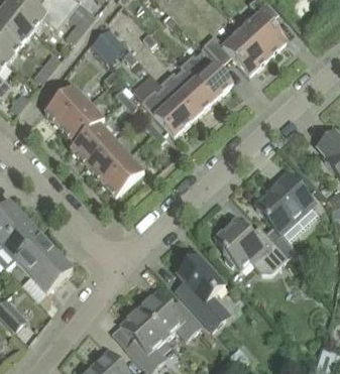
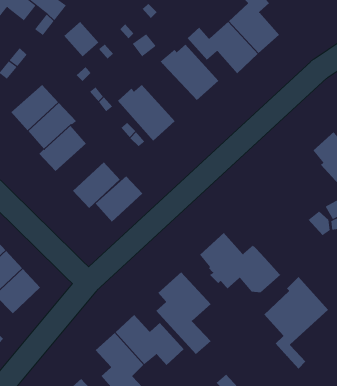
building: [159,69,212,119] -> none
building: [85,139,128,181] -> [95,175,143,223]
building: [255,172,314,256] -> [264,276,329,369]

